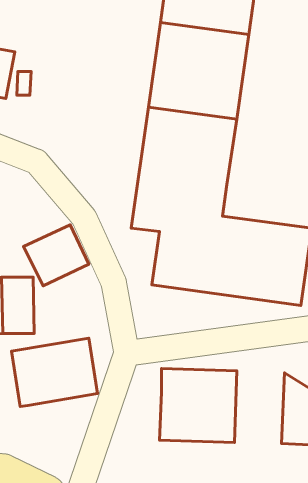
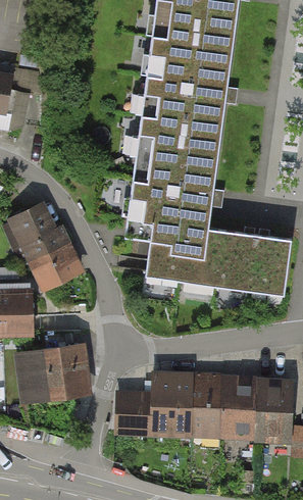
building: none -> [5,198,66,255]
building: none -> [220,371,267,440]
building: none -> [113,391,152,437]

